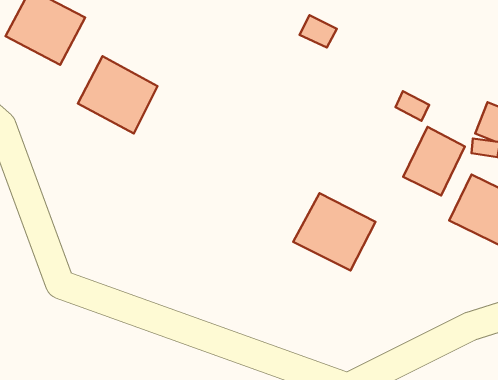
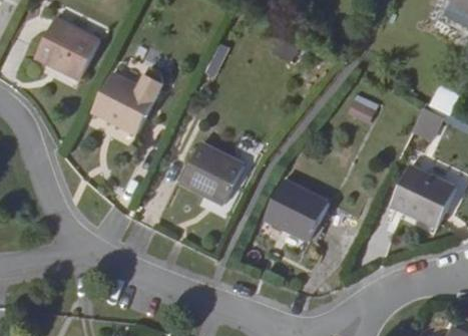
building: [403,127,465,196] -> none
building: none -> [179,143,243,205]

